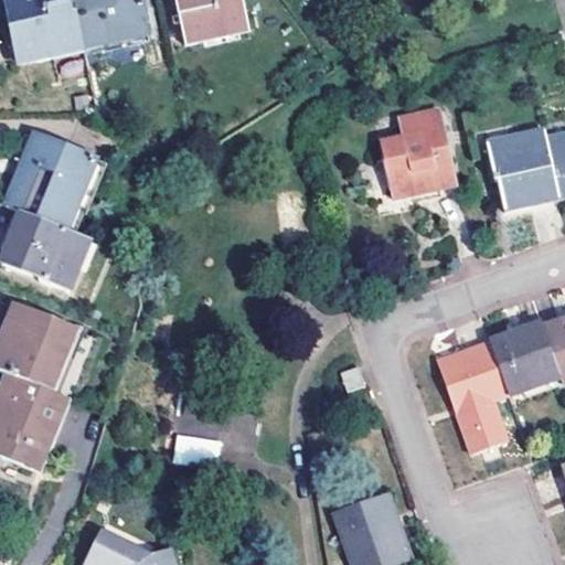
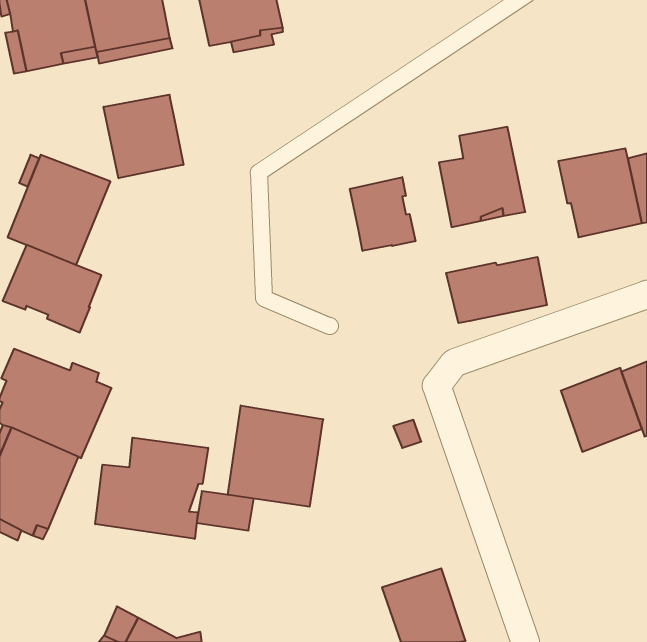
building: none -> [104,95,183,178]
building: none -> [350,177,415,251]
building: none -> [446,257,547,323]
building: [436,340,508,451] -> none
building: none -> [228,405,323,507]
building: none -> [95,438,208,539]

